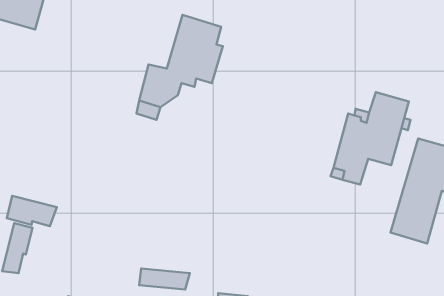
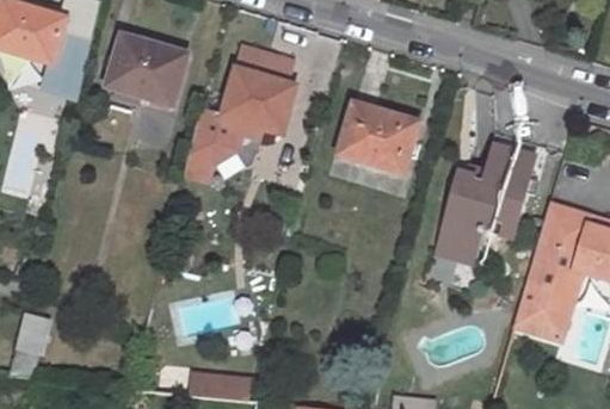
building: none -> [107,37,187,104]
building: none -> [341,104,420,173]
building: [7,196,57,226] -> none

